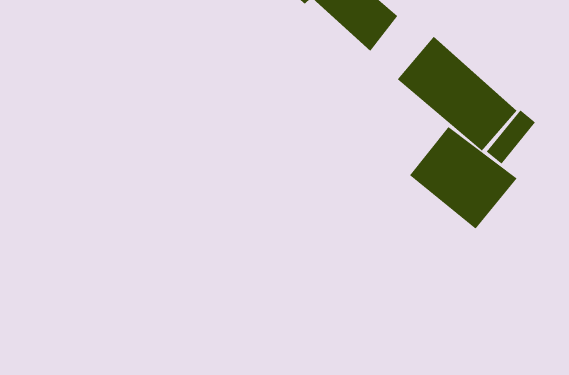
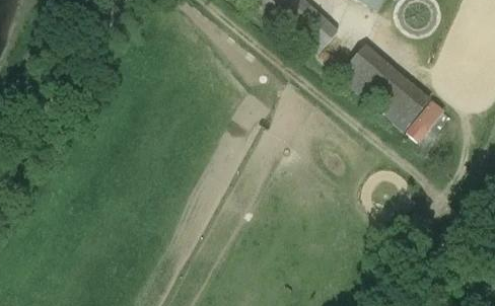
building: [409,126,517,230] -> none

